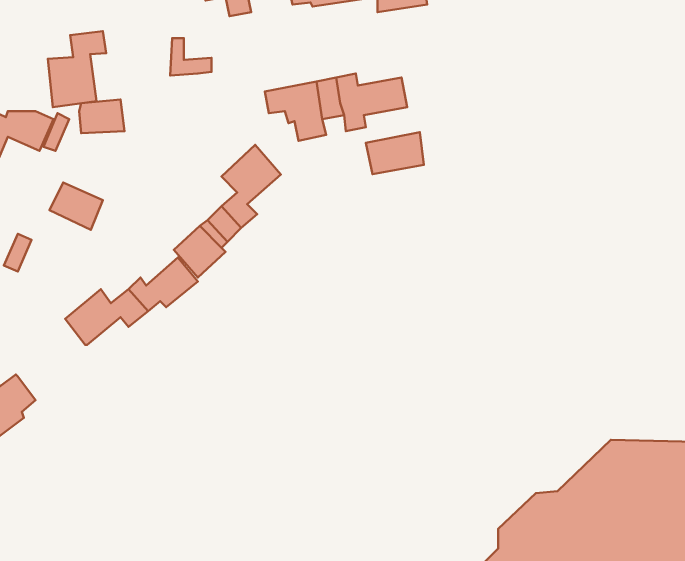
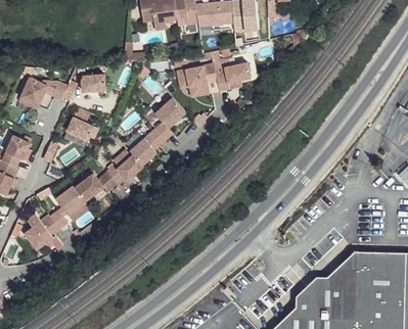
building: [48,31,106,107] -> none
building: [366,132,424,174] -> none
building: none -> [48,185,83,229]

